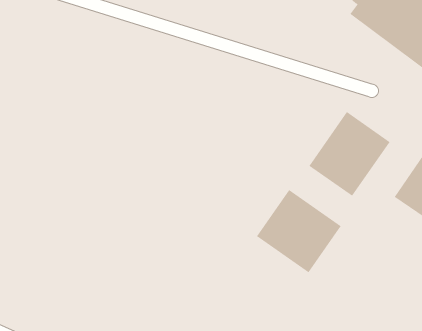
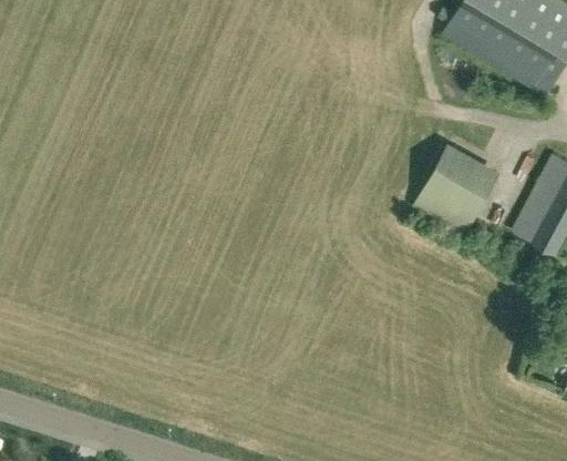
building: [256,189,341,273] -> none

